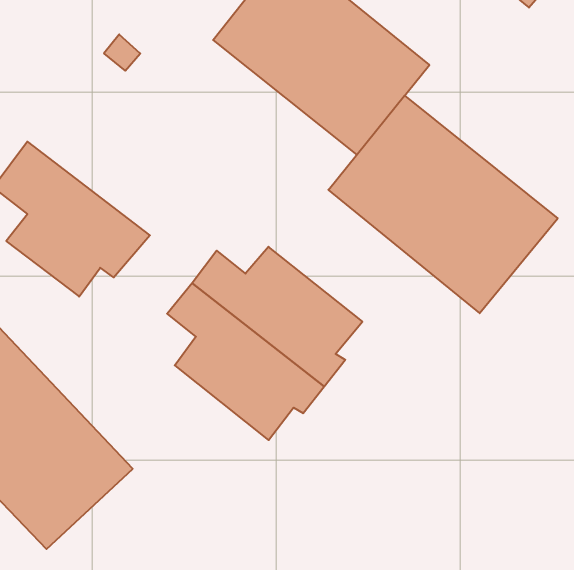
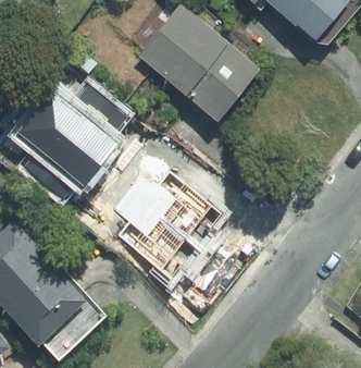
building: [328,96,558,313] -> none
building: none -> [33,87,126,167]

